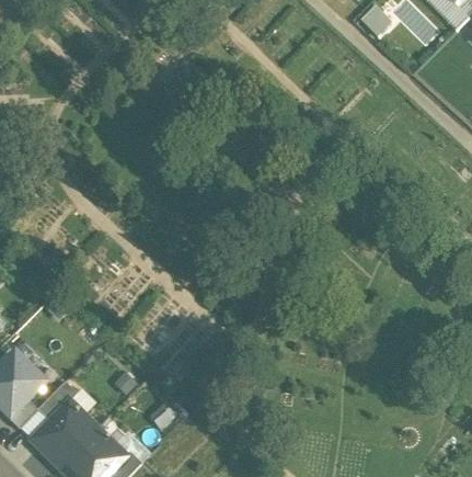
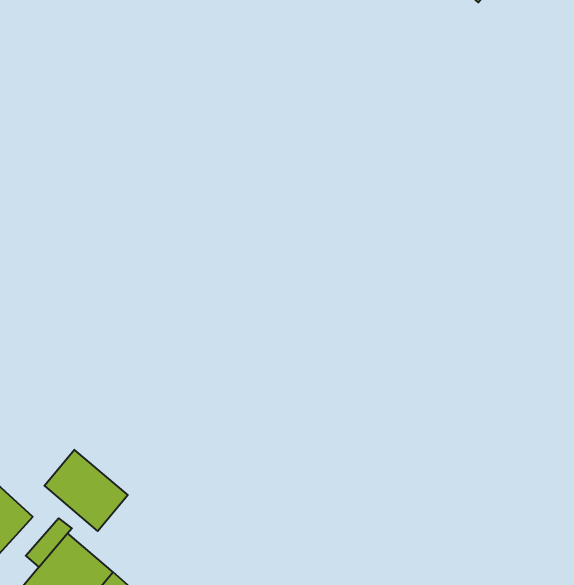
building: none -> [44,450,128,531]

